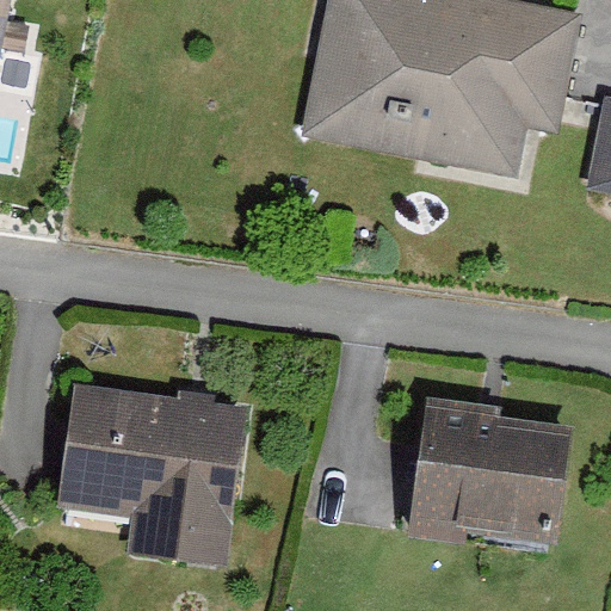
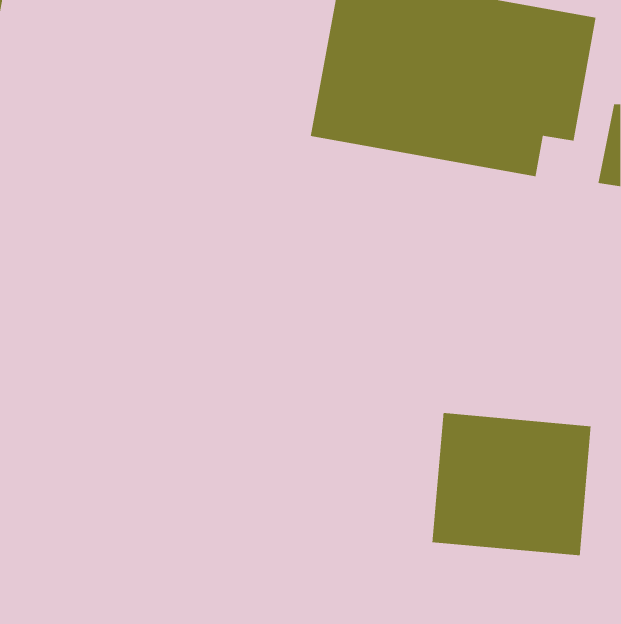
building: [58,387,241,563] -> none

